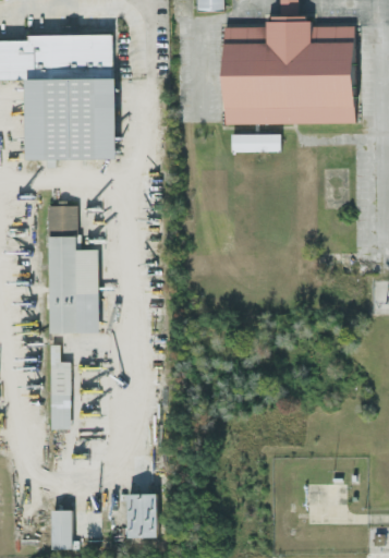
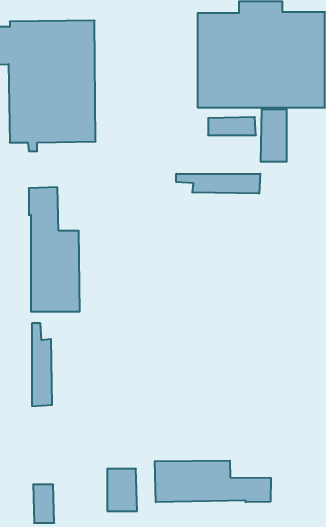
building: none -> [261,109,286,162]
building: none -> [176,174,260,194]
building: none -> [155,461,271,502]

